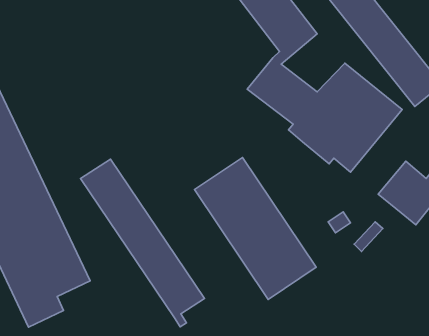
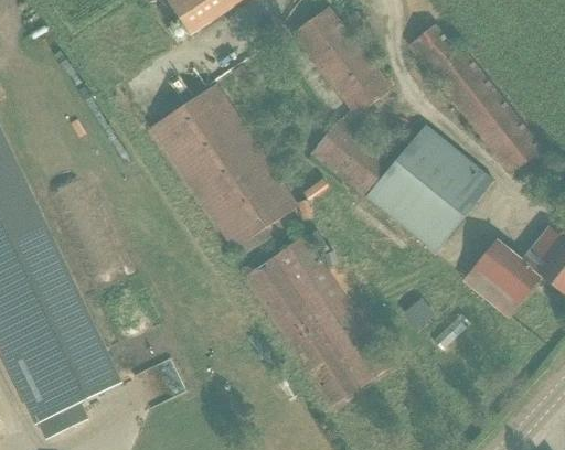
building: none -> [148,82,298,255]
building: [80,159,205,327] -> none

